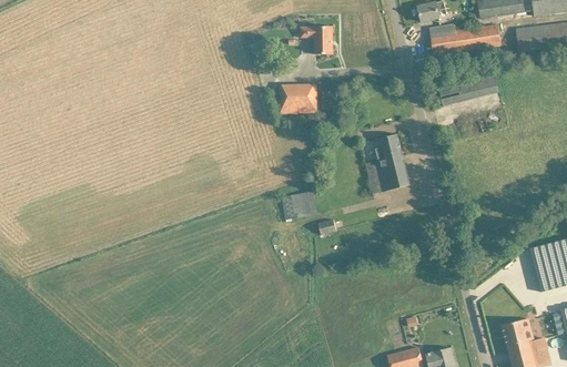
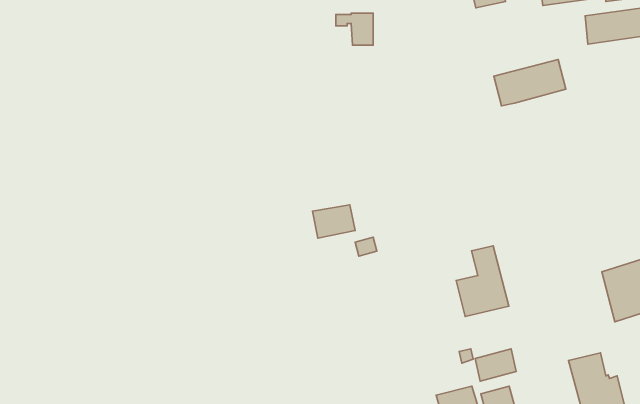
building: [429,24,502,55] -> none
building: [280,84,317,112] -> none
building: [365,133,411,194] -> [456,246,509,317]
building: none -> [475,349,516,381]

